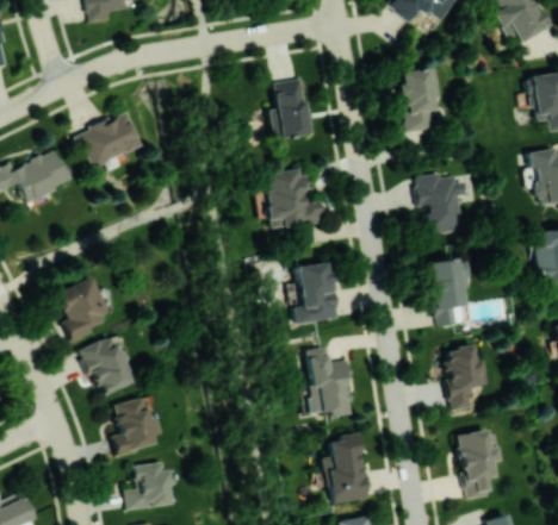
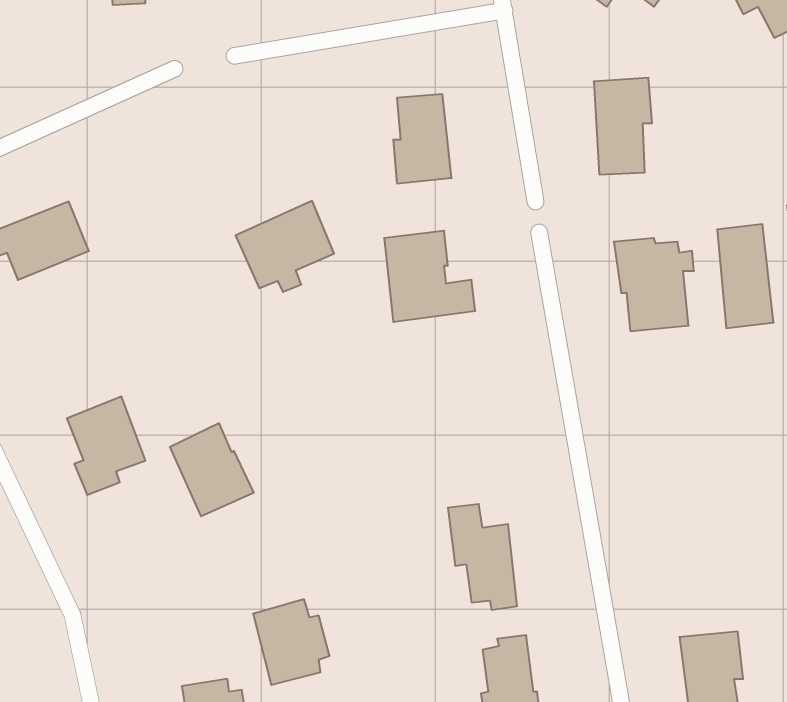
building: [78,111,142,170] -> [236,201,334,292]
building: [432,258,469,326] -> [717,224,774,328]
building: [296,262,339,323] -> none
building: [80,335,135,395] -> [170,423,254,516]
building: [445,344,489,410] -> none
building: [110,396,160,452] -> [253,599,330,685]

